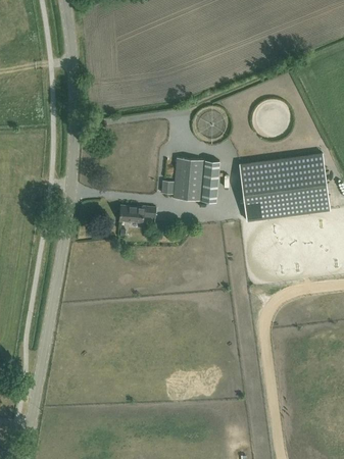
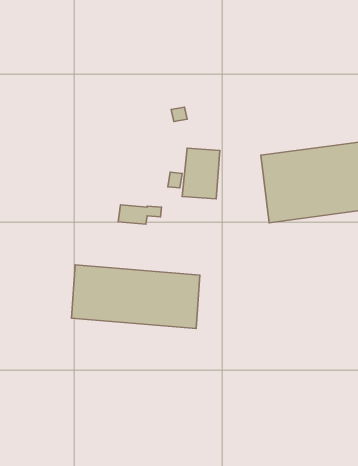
building: [202,160,219,202] -> none
building: none -> [72,265,200,328]

